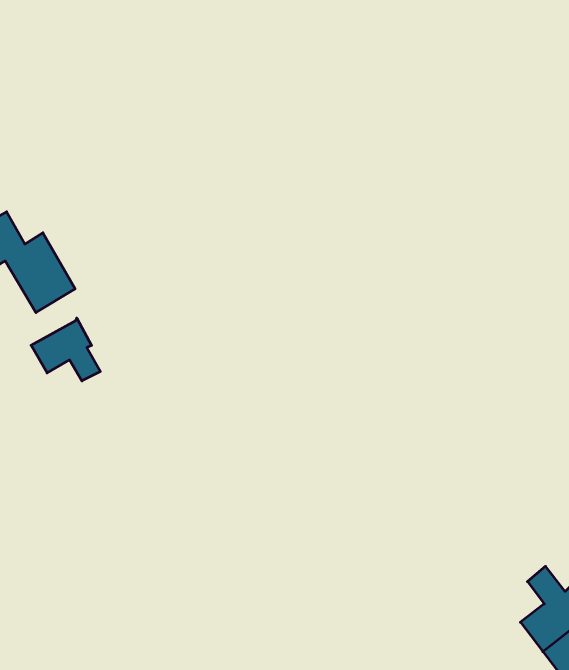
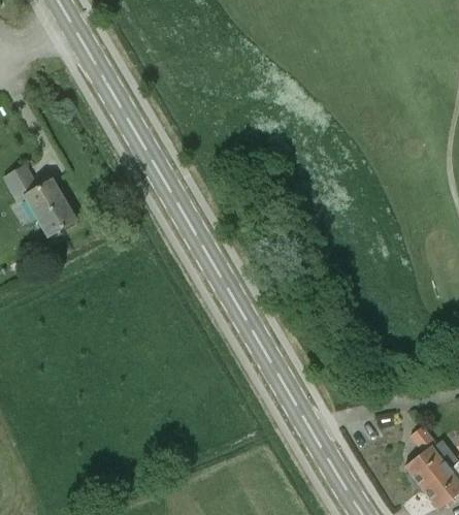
building: [31,318,100,381] -> none

